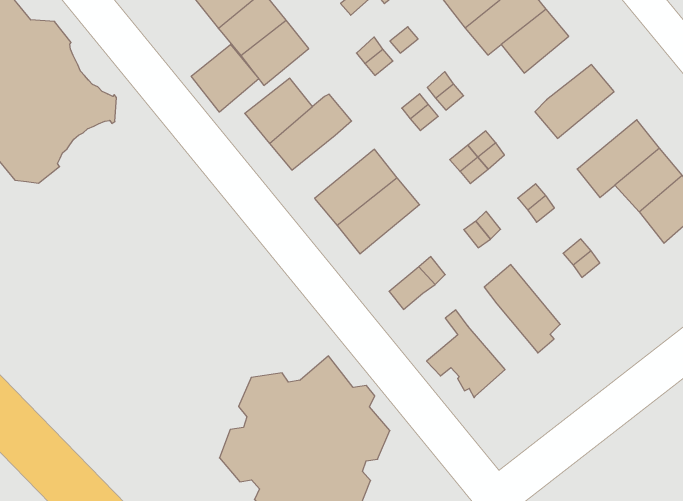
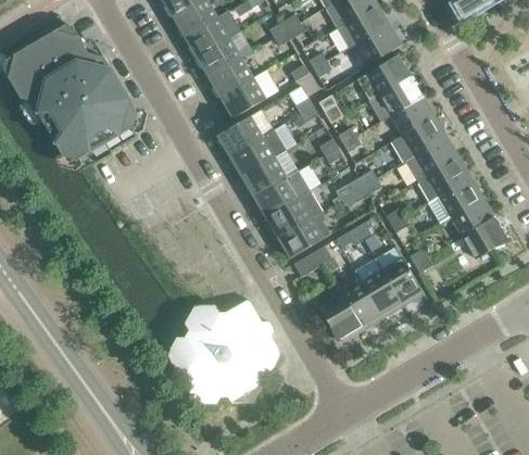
building: none -> [391,116,446,162]
building: [191,44,259,112] -> none
building: none -> [417,156,470,202]
building: none -> [242,157,287,197]
building: none -> [278,211,330,257]
building: none -> [375,247,424,302]
building: none -> [341,282,383,326]

